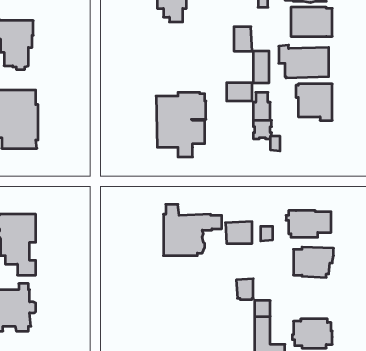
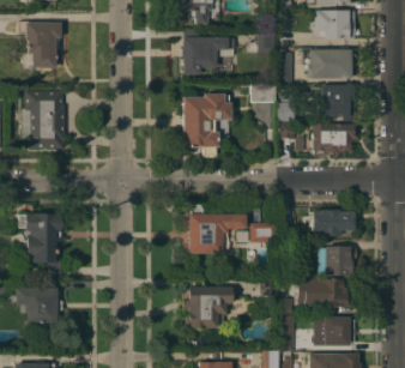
building: none -> [182,29,235,74]
building: none -> [313,123,358,156]
building: none -> [185,278,234,330]
building: none -> [291,278,355,307]

